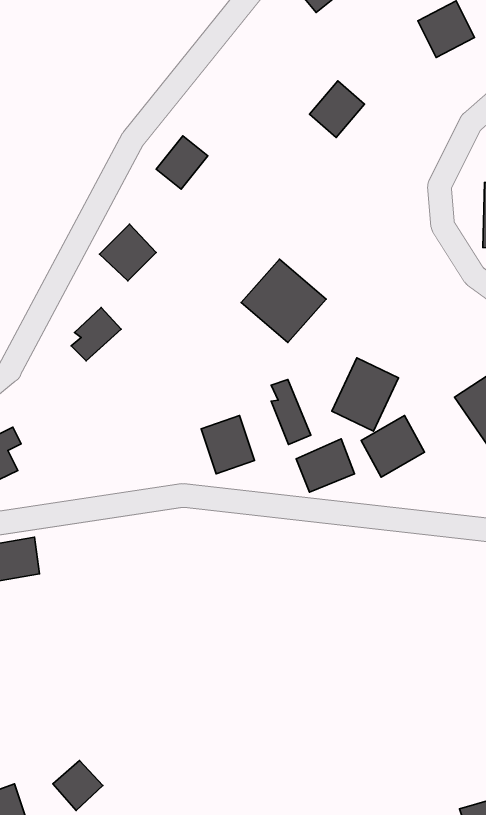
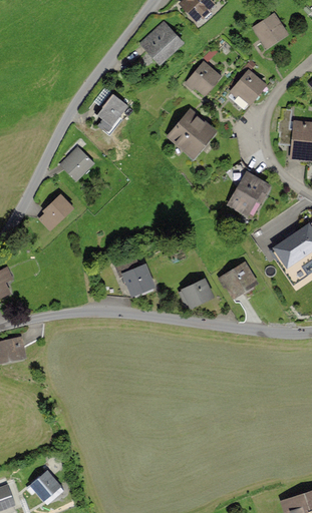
building: none -> [139,22,183,64]
building: none -> [228,69,265,109]
building: [241,259,326,343] -> [166,110,217,160]
building: [332,358,399,431] -> [229,173,269,217]
building: [271,380,311,444] -> none

